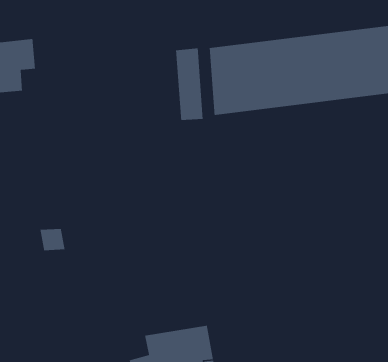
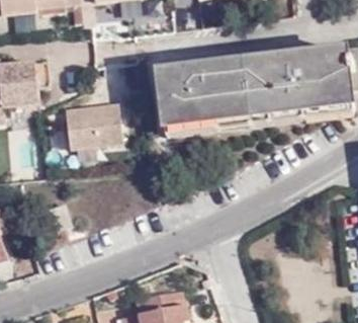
building: none -> [64,103,122,148]

